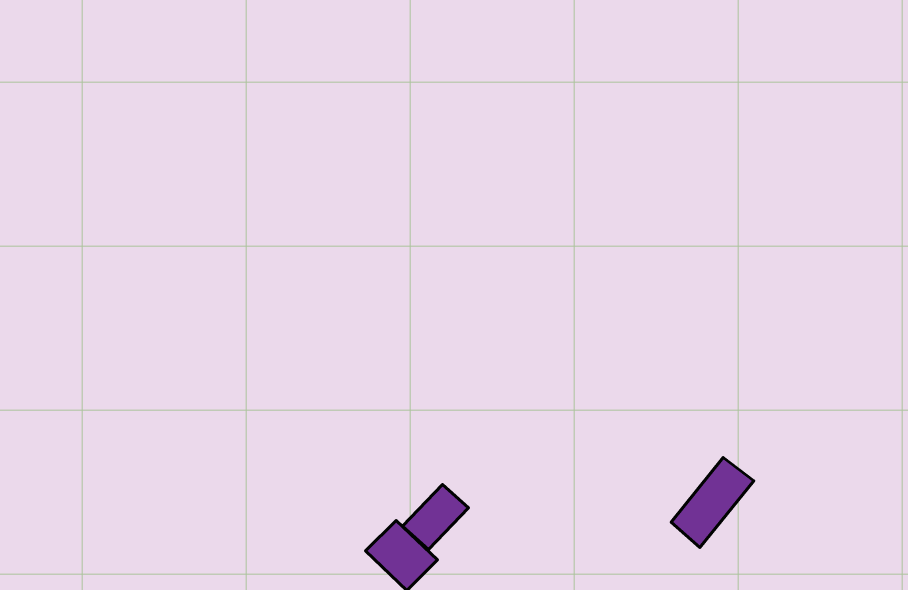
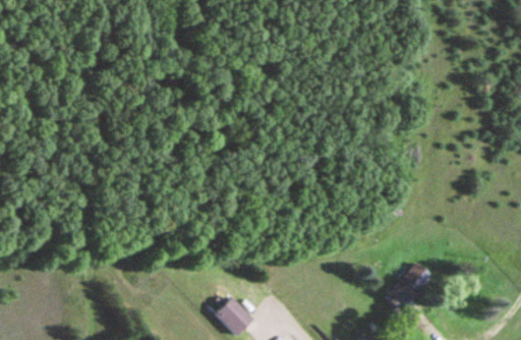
building: [403,484,468,550] -> none

